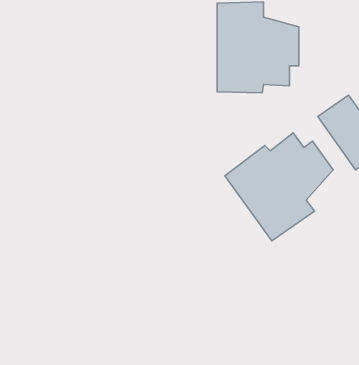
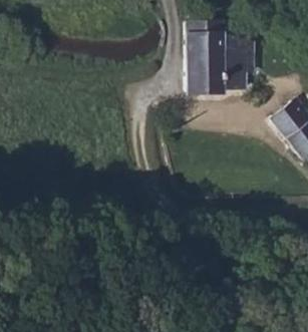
building: [225,133,333,241] -> none

